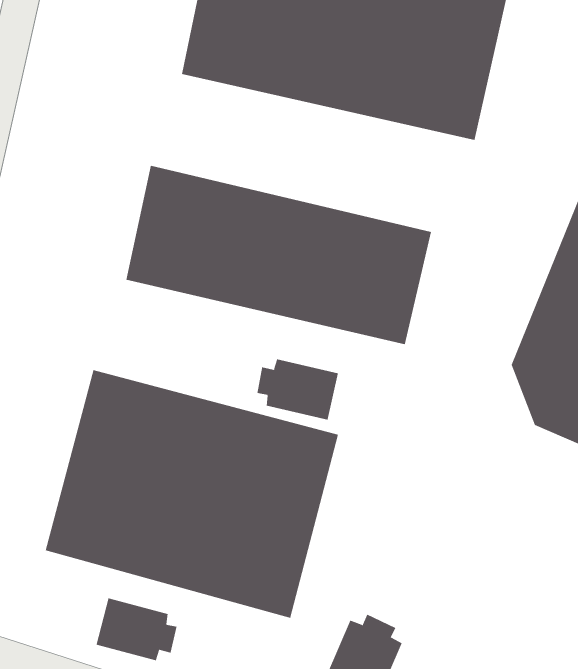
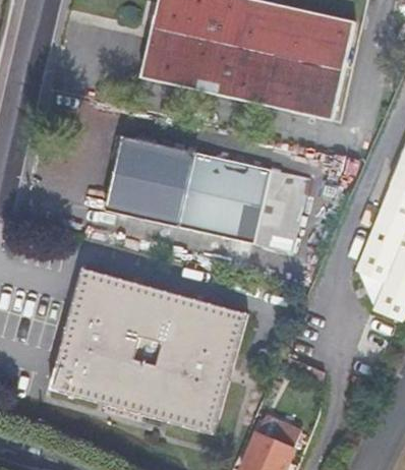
building: [257,359,338,420] -> none
building: [96,598,177,661] -> none

